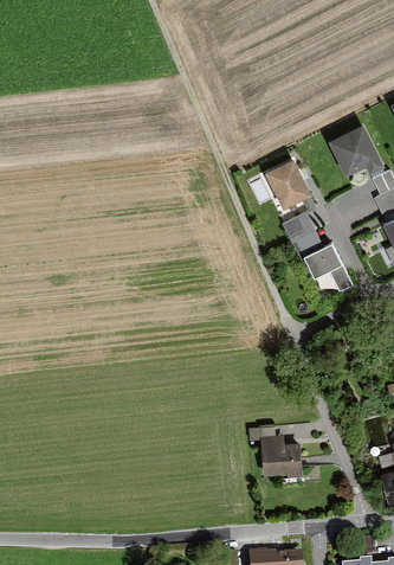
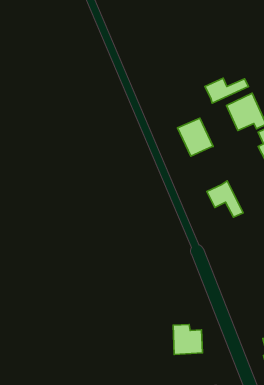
building: none -> [205,78,248,103]
building: [282,198,325,258] -> none

